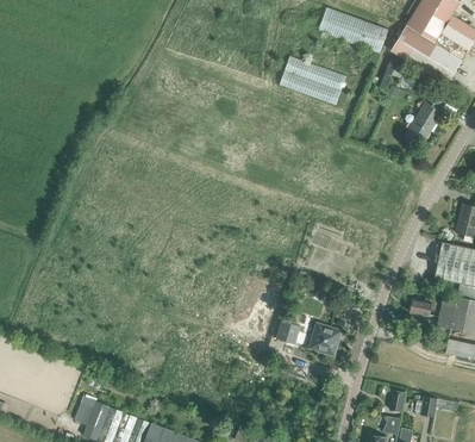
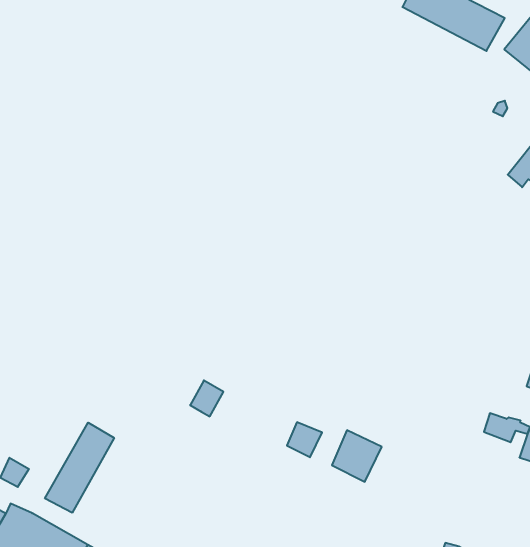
building: [279,56,345,105] -> none
building: none -> [45,423,114,513]

